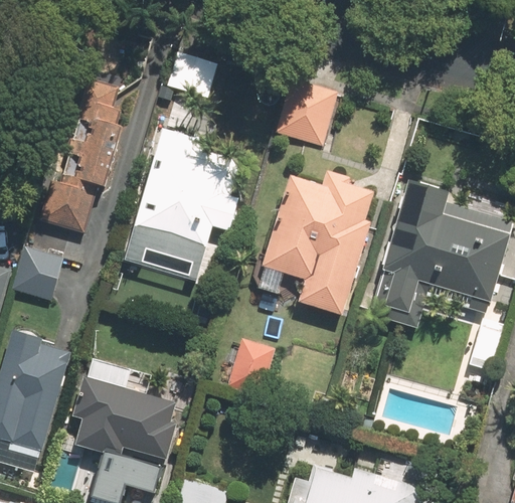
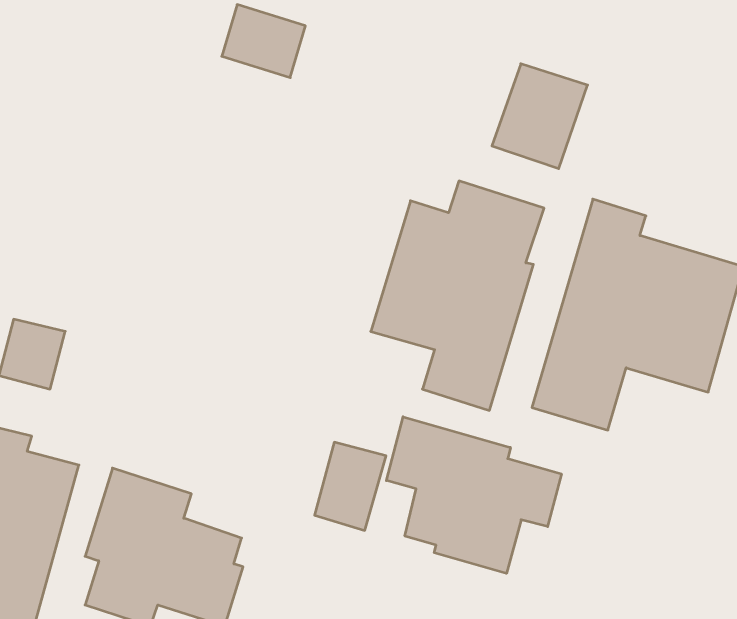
building: [273,77,336,147] -> [492,64,588,169]
building: [43,80,120,230] -> none
building: [125,125,239,282] -> none
building: none -> [386,417,561,573]

